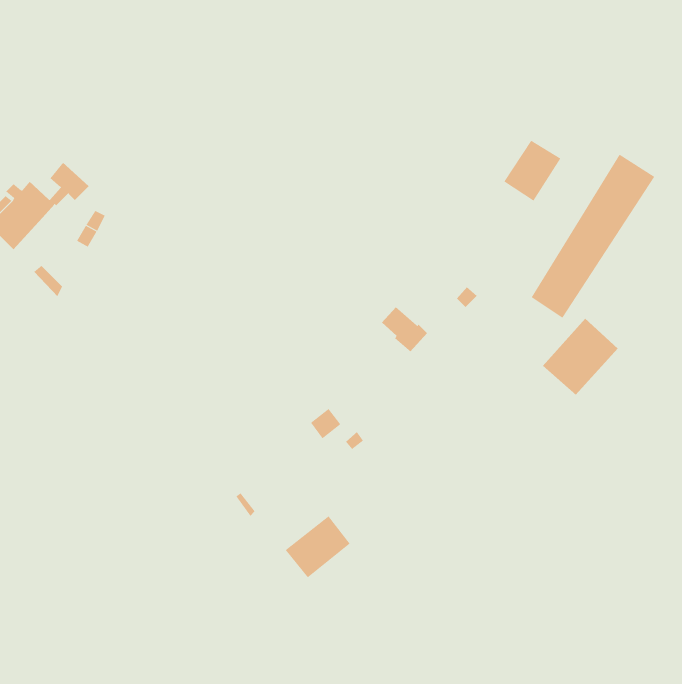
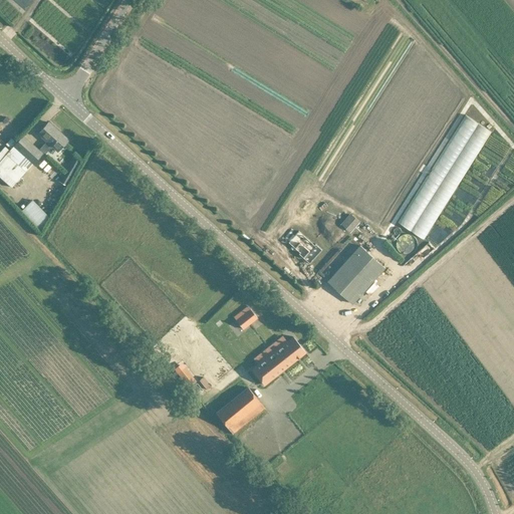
building: [503,140,561,202] -> none
building: [542,318,619,395] -> [327,245,384,303]
building: none -> [251,336,304,384]

